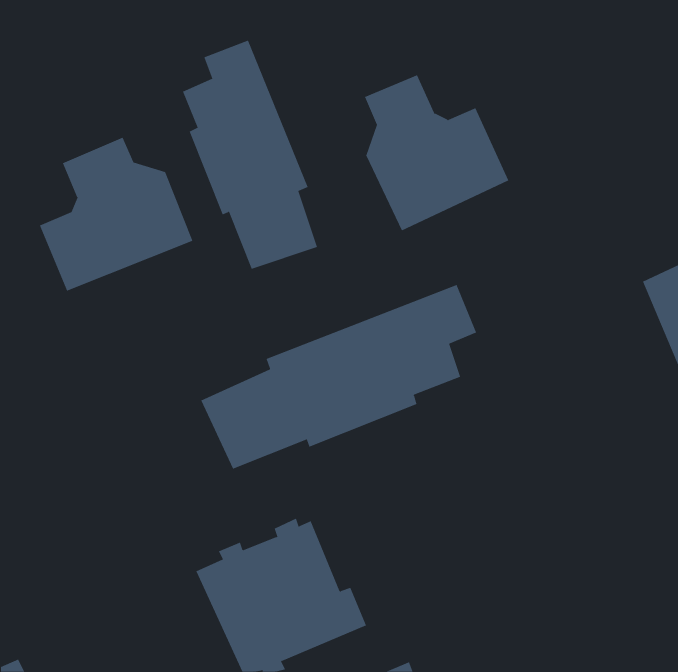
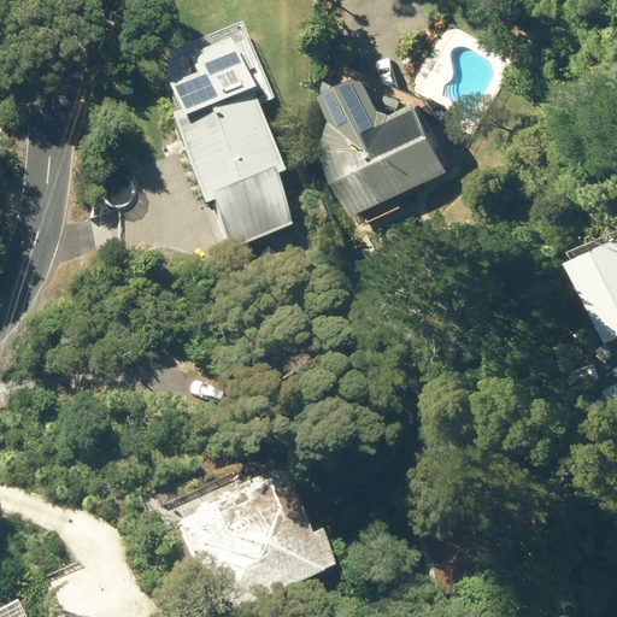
building: [39,137,193,291] -> none
building: [200,284,477,469] -> none

